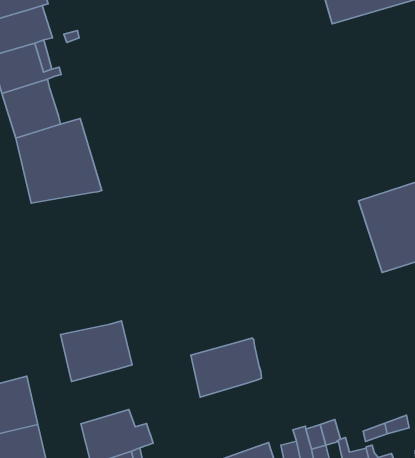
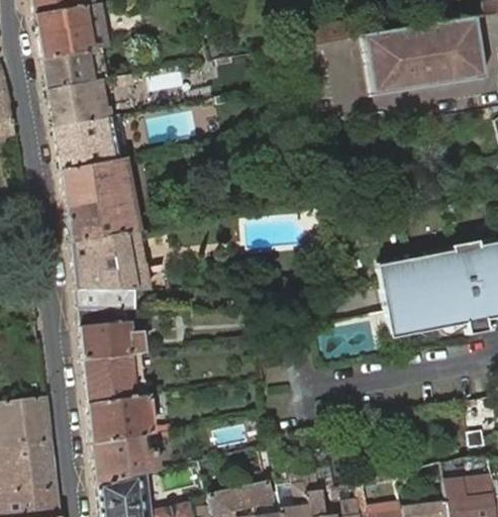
building: none -> [71,229,136,290]
building: none -> [79,309,142,358]
building: [191,338,262,397] -> [89,395,153,444]

